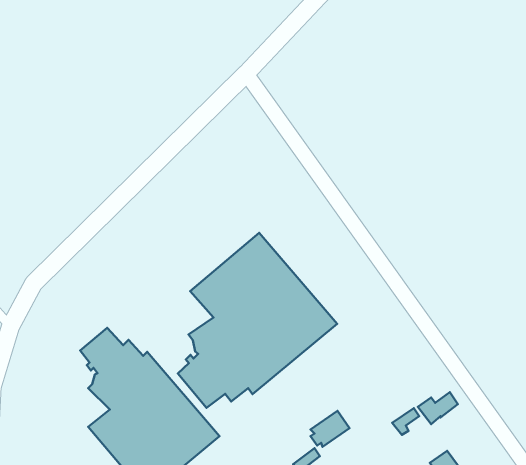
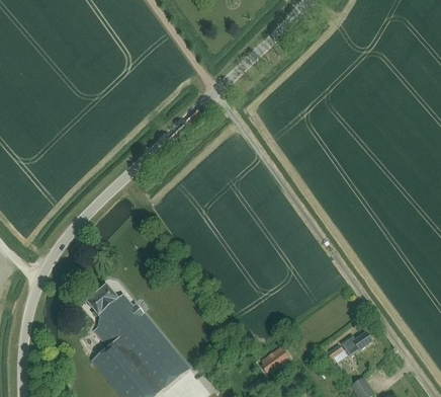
building: [178,233,337,408] -> none

